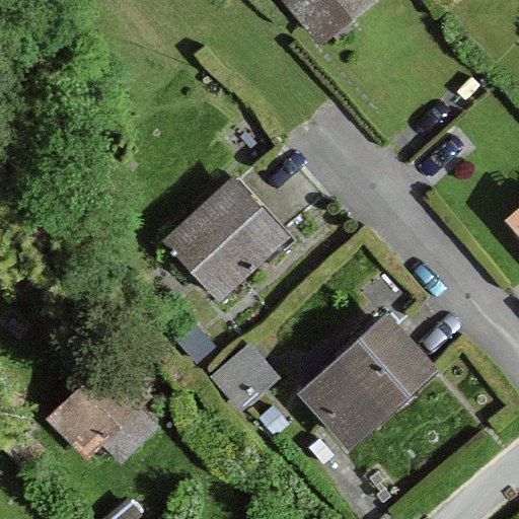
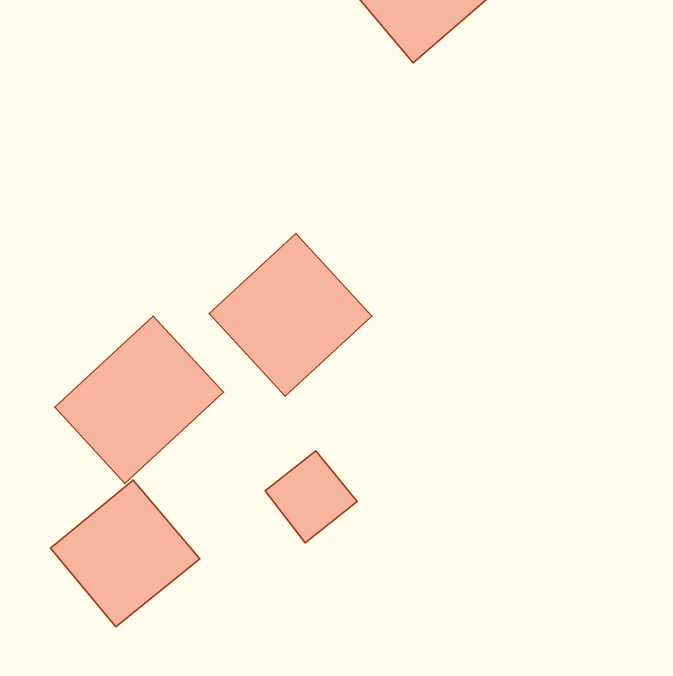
building: none -> [55,316,223,483]
building: [299,313,436,447] -> none

